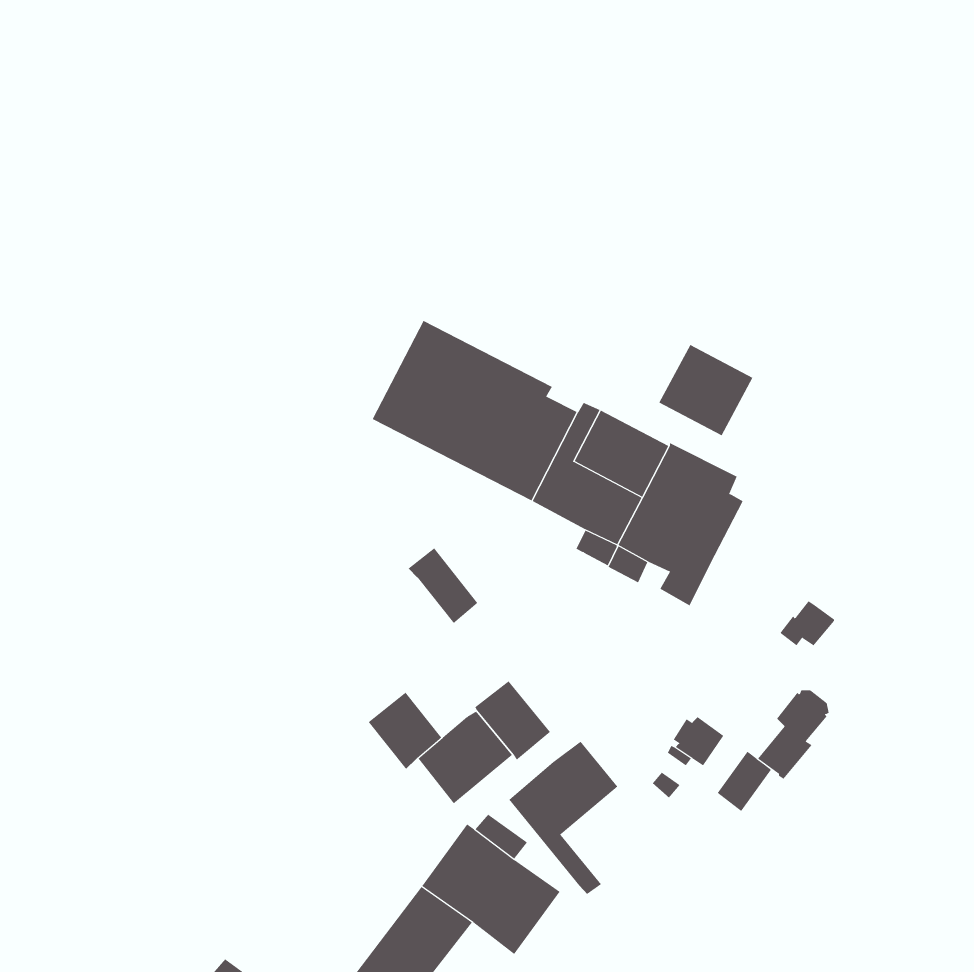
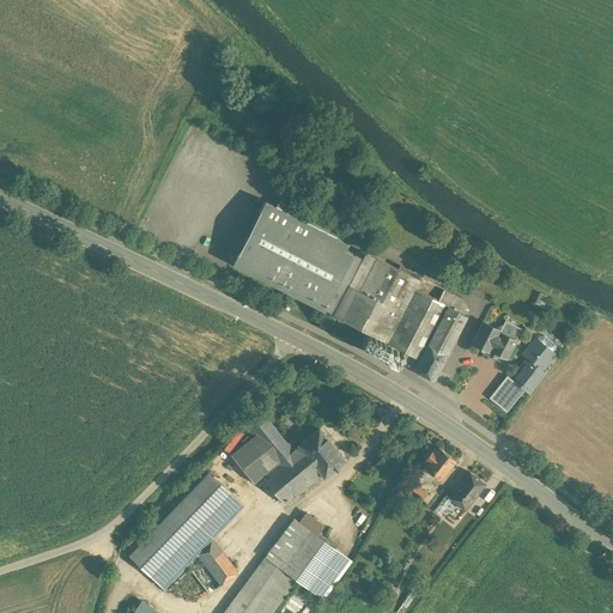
building: [659,344,753,436] -> none
building: none -> [472,321,522,359]
building: [408,548,478,624] -> [249,417,293,465]
building: [757,690,830,780] -> [511,338,557,394]
building: [509,741,618,895] -> none
building: none -> [131,471,244,595]

